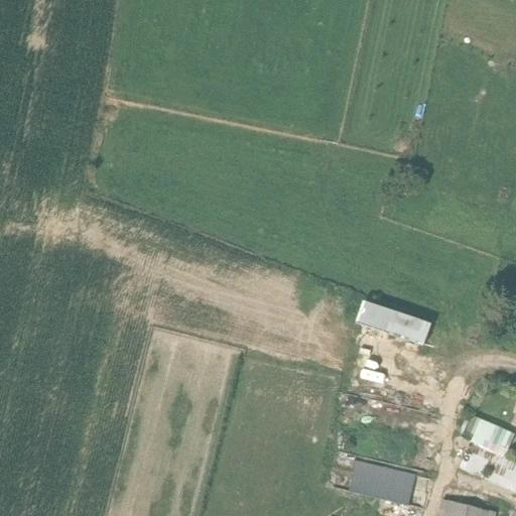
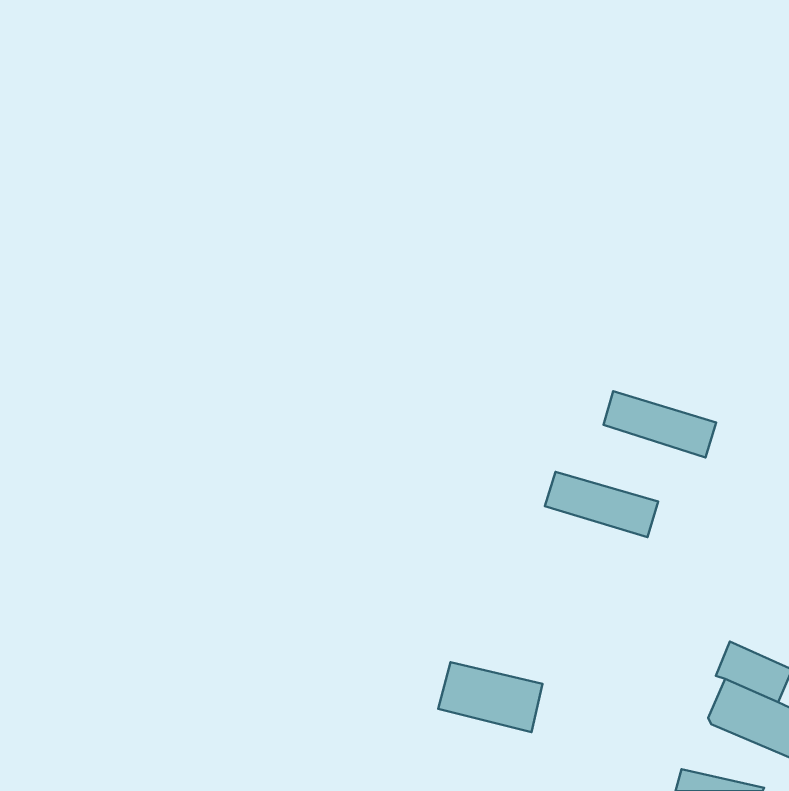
building: none -> [604,391,716,457]
building: [351,460,418,505] -> [438,662,542,732]

